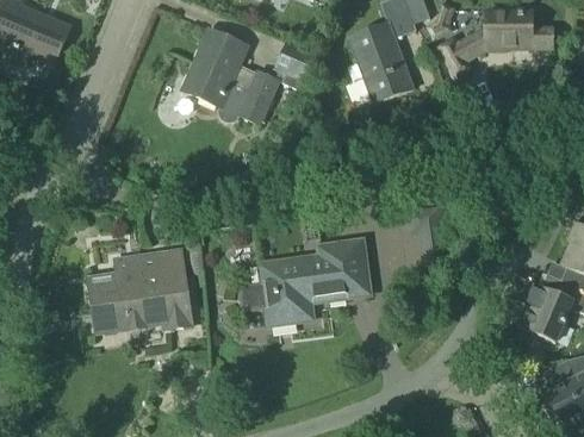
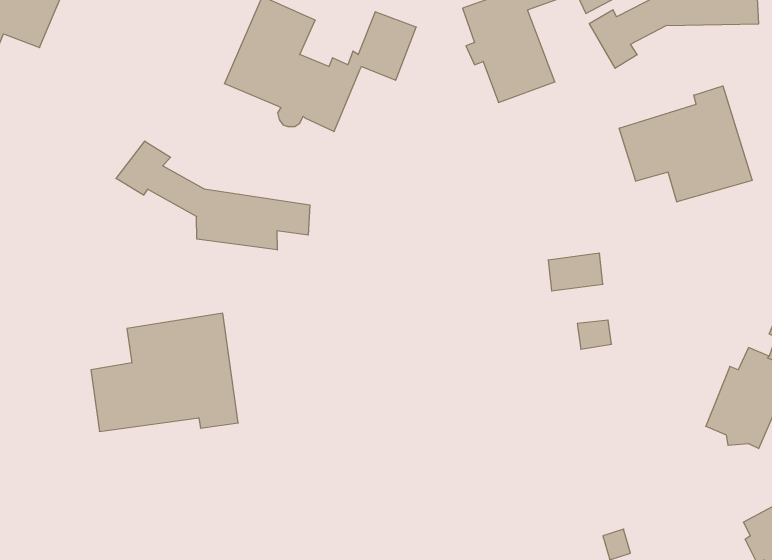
building: none -> [619,86,752,202]
building: none -> [116,141,310,250]
building: [242,239,369,323] -> none

